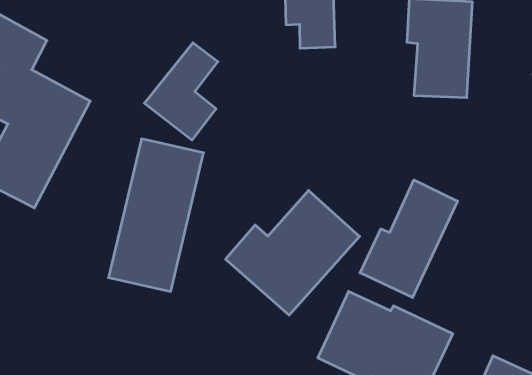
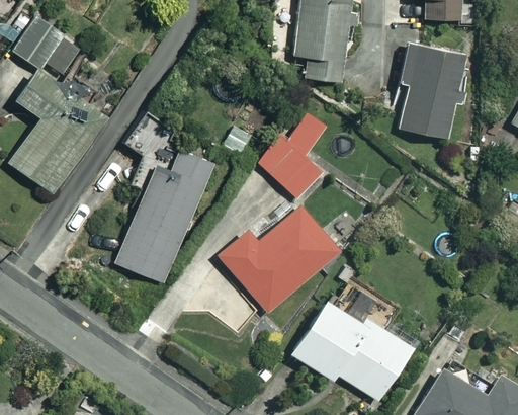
building: [144,43,218,140] -> [259,112,328,198]
building: [360,180,458,298] -> none

